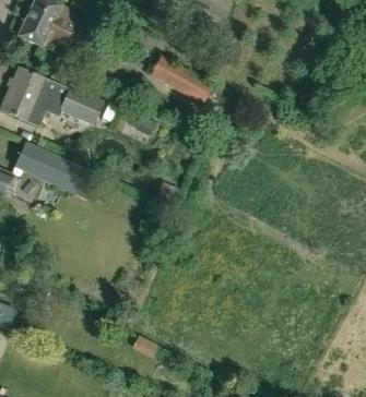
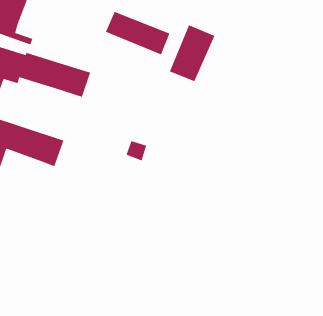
building: none -> [169,24,215,82]

